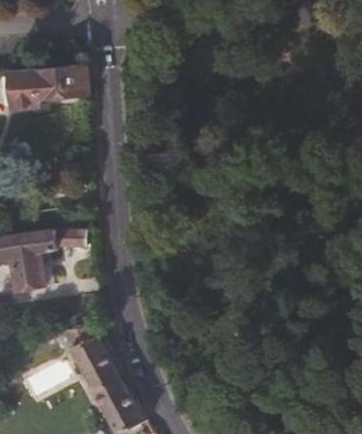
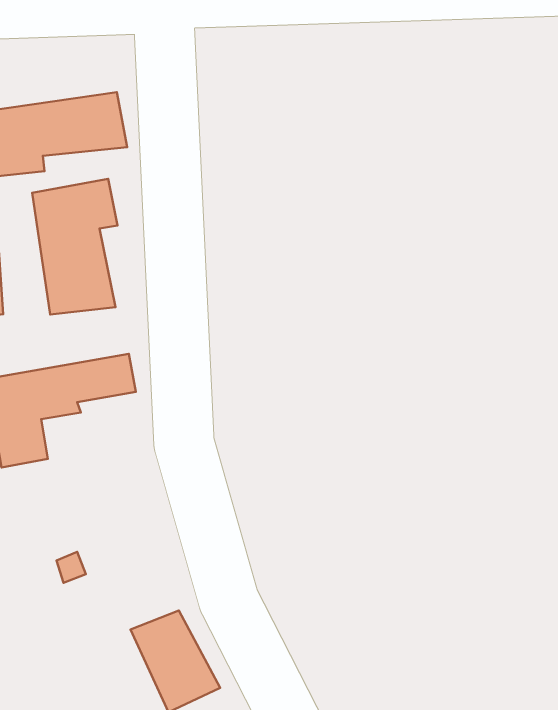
building: none -> [32,179,118,315]
building: [57,312,114,383] -> none

